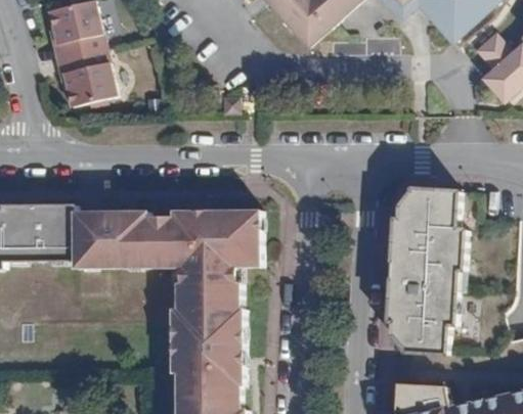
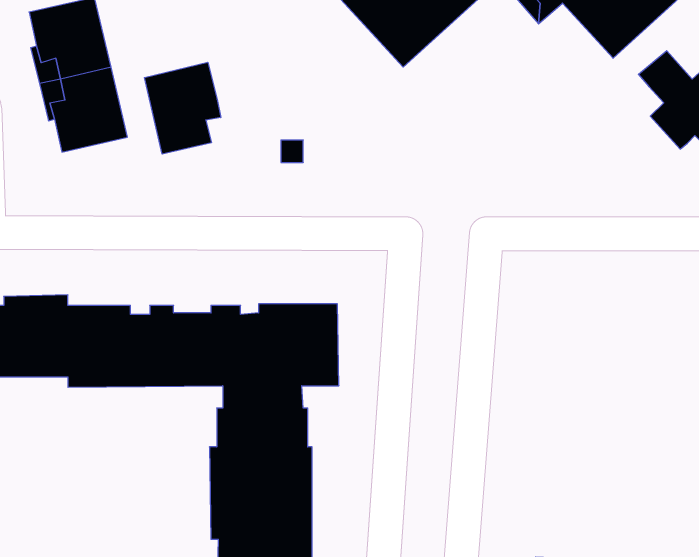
building: none -> [144,62,221,154]
building: [390,189,467,354] -> none

